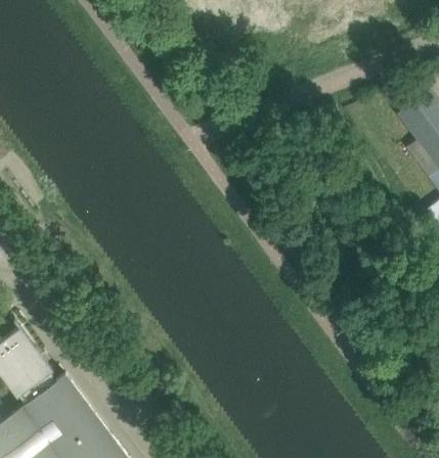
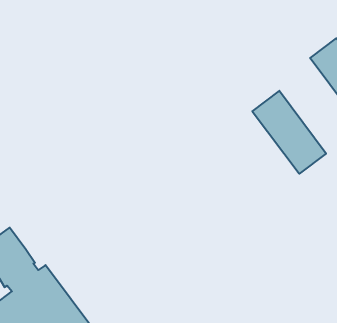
building: none -> [252,91,326,174]

